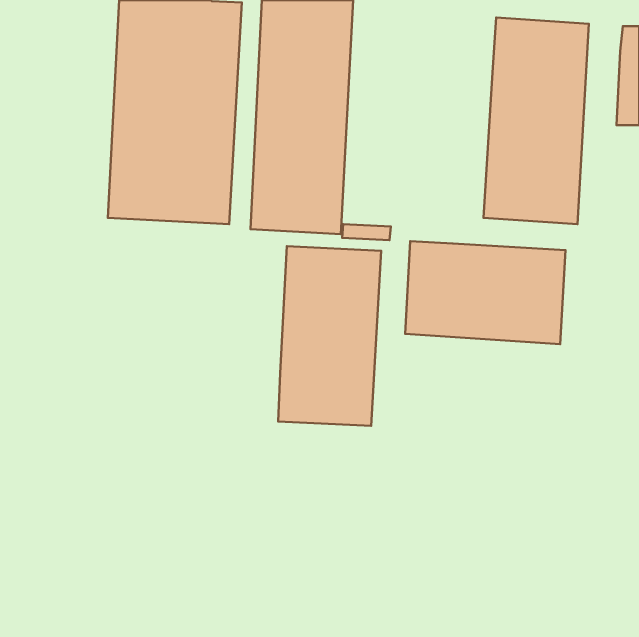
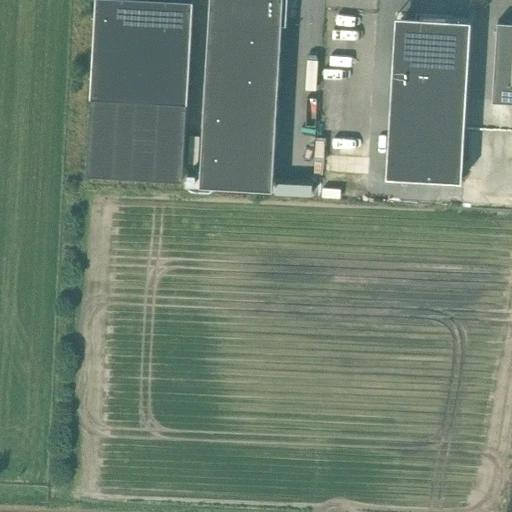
building: [405,241,565,344] -> none
building: [278,246,381,426] -> none

